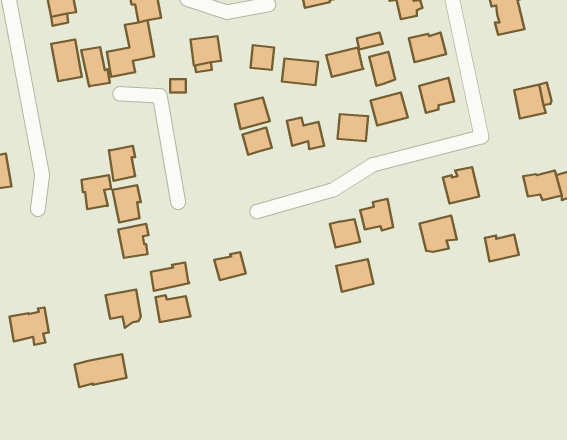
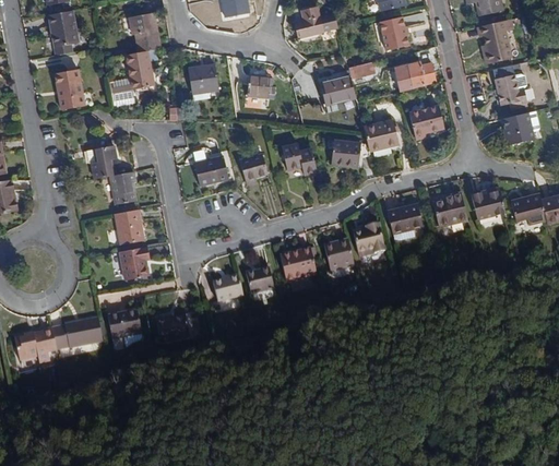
building: none -> [495,74,527,112]
building: [81,47,110,87] -> none
building: [369,52,395,86] -> none
building: [282,58,318,85] -> none
building: [235,97,270,129] -> [194,156,228,187]
building: [82,175,111,209] -> [87,146,116,179]
building: [419,216,457,252] -> [386,204,423,239]
building: [485,234,519,262] -> [472,193,504,219]
building: none -> [246,267,273,294]
building: [336,259,374,292] -> [280,249,316,280]
building: [151,262,189,291] -> none
building: [75,354,127,387] -> [51,318,102,349]

